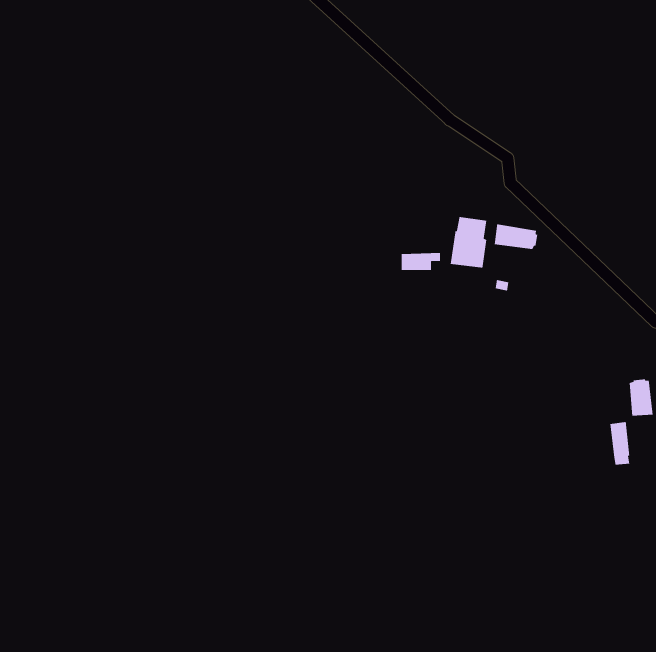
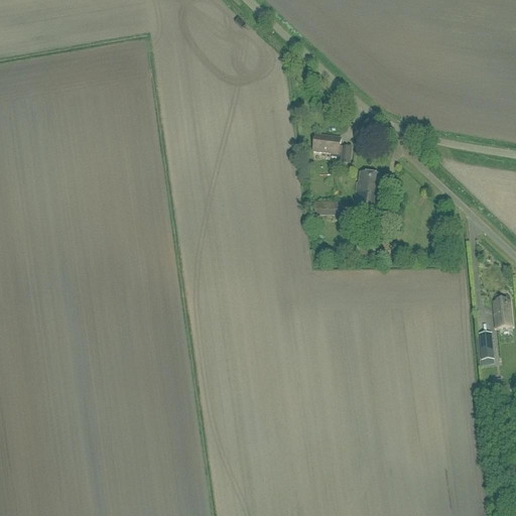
building: none -> [311,132,350,161]
building: [494,224,538,250] -> none

